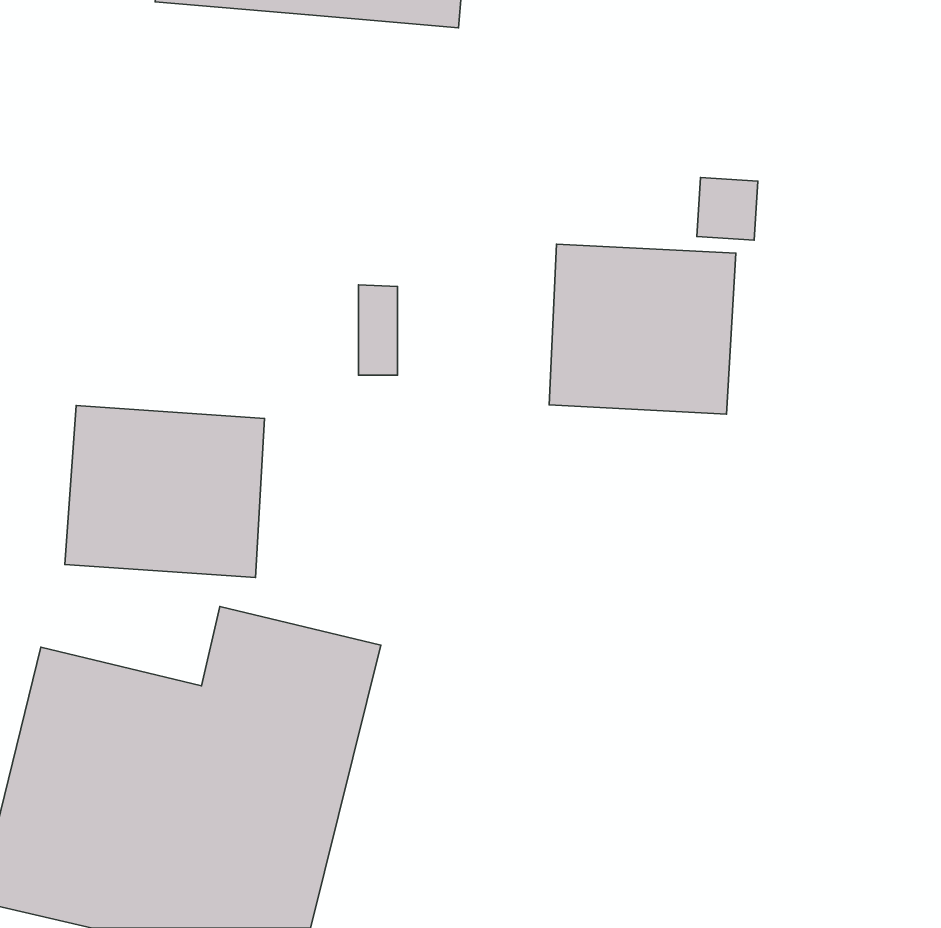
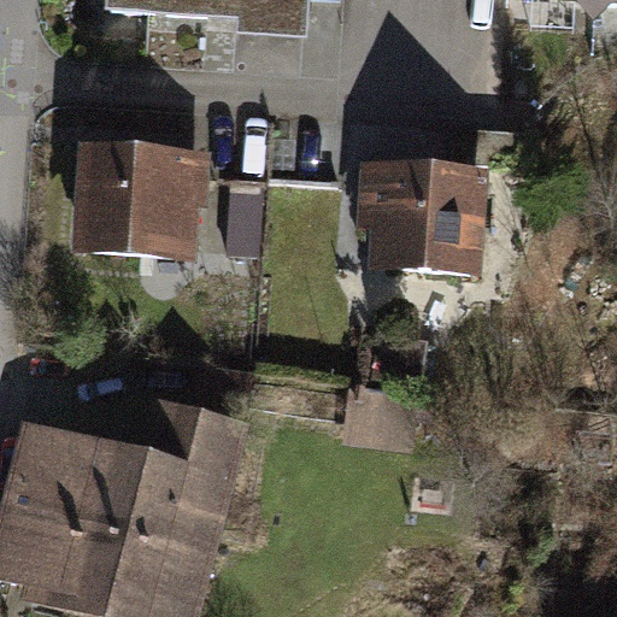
building: [65,405,265,577] -> [74,151,204,263]

